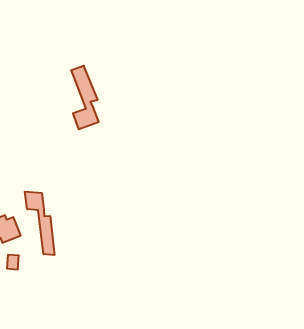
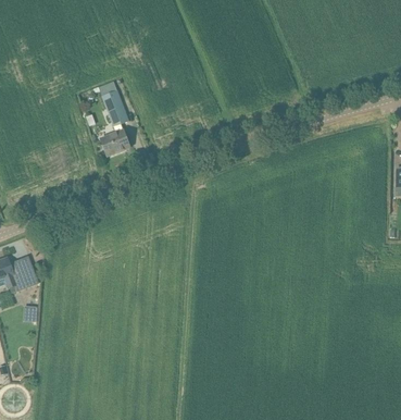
building: [25,192,54,255] -> none

